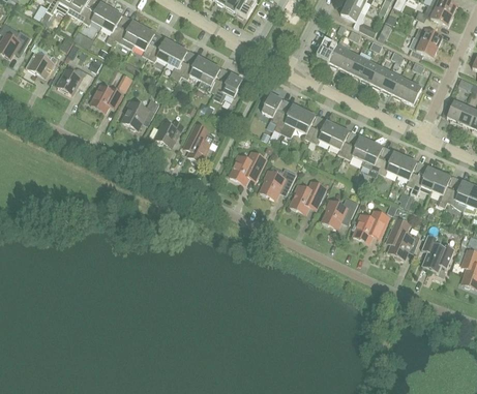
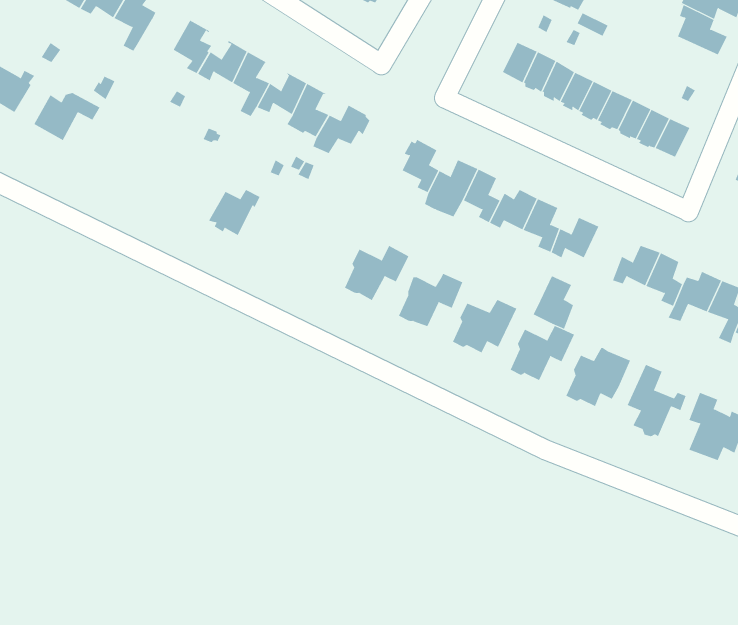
building: [116,20,144,48] -> none
building: [410,35,438,58] -> none
building: [90,84,122,111] -> none
building: [122,98,159,128] -> none
building: [184,122,210,160] -> none
building: [361,141,384,171] -> [533,275,574,329]

